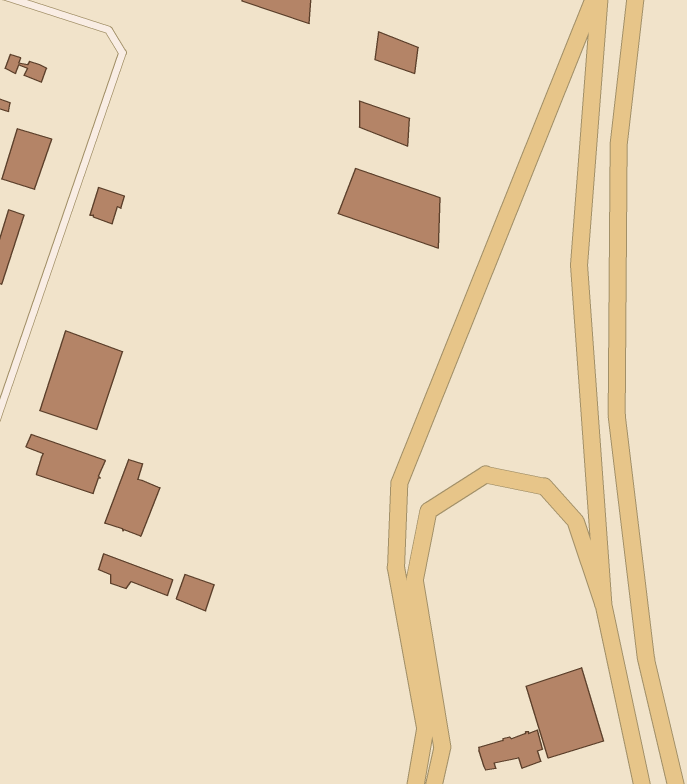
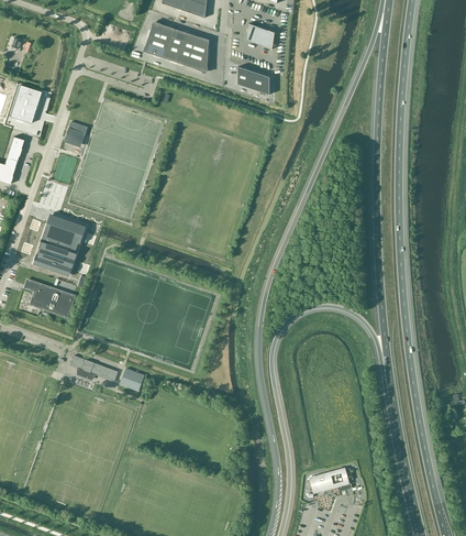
building: [338,169,440,248] -> [143,22,208,73]
building: [105,459,160,536] -> none
building: [526,668,604,758] -> none

